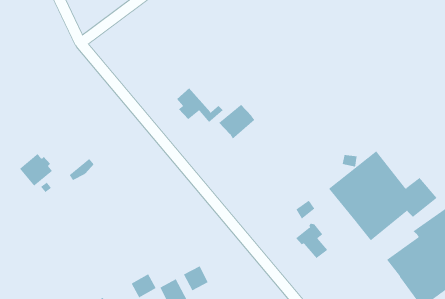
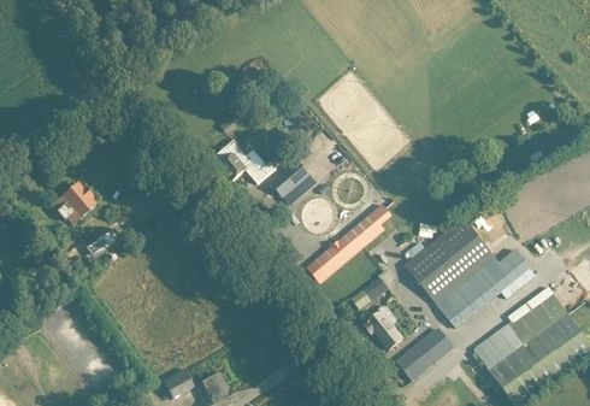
building: none -> [306,204,390,282]
building: [19,153,53,187] -> [53,182,94,223]
building: none -> [396,328,453,379]
building: [183,265,209,291] -> none

